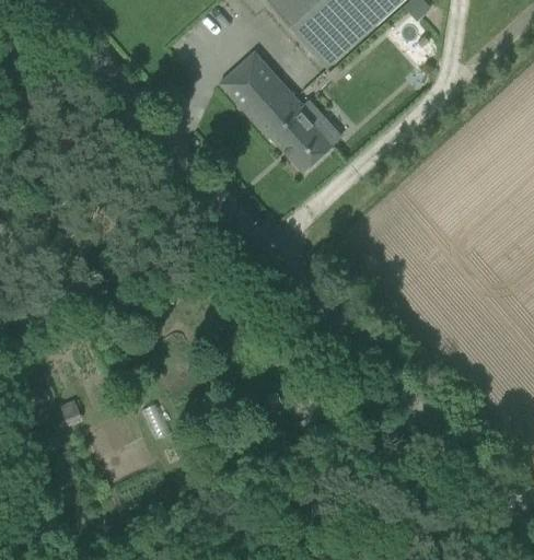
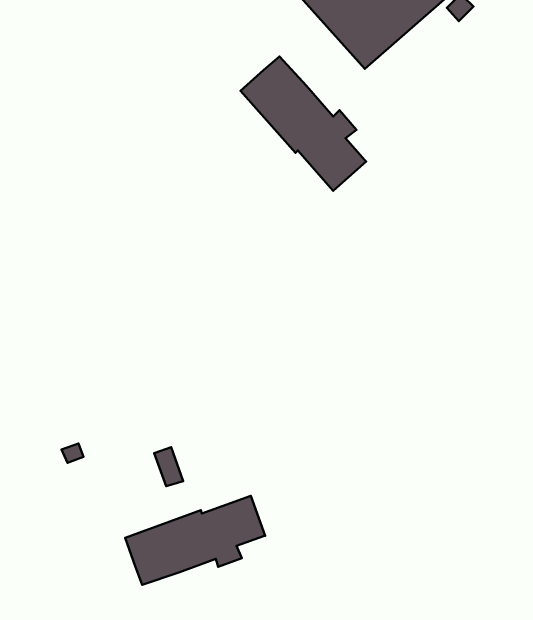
building: none -> [125,496,265,585]

